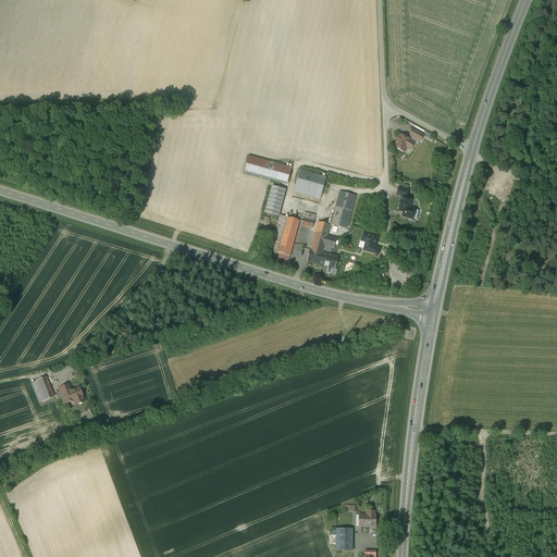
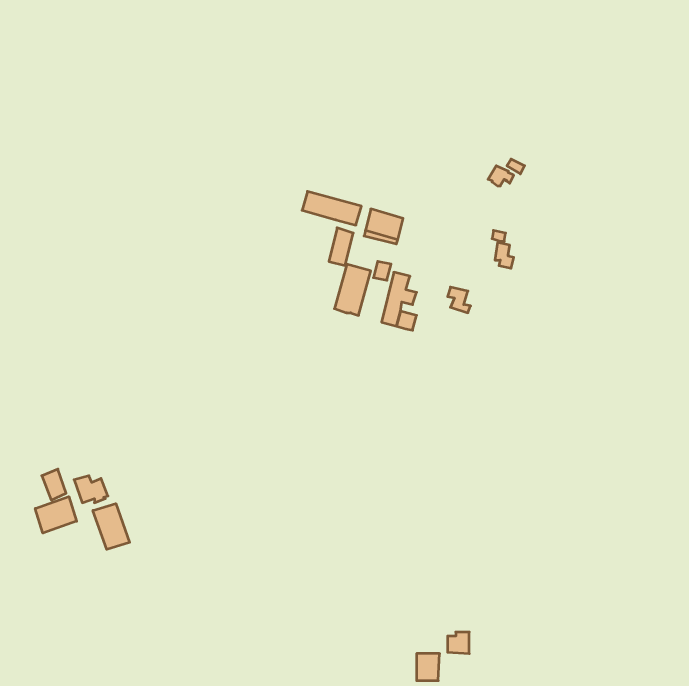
building: [331,189,356,226] -> none
building: none -> [35,497,77,533]
building: none -> [93,504,130,549]

